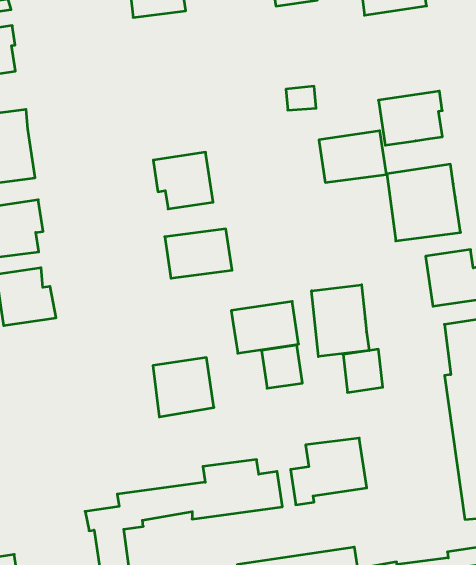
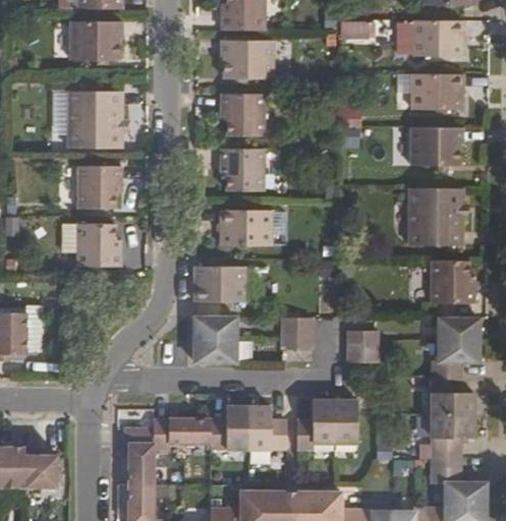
building: none -> [221,41,273,79]
building: none -> [221,95,265,137]
building: [319,131,386,182] -> [410,74,461,111]
building: [312,285,369,357] -> none
building: [231,301,299,353] -> [194,267,245,302]

